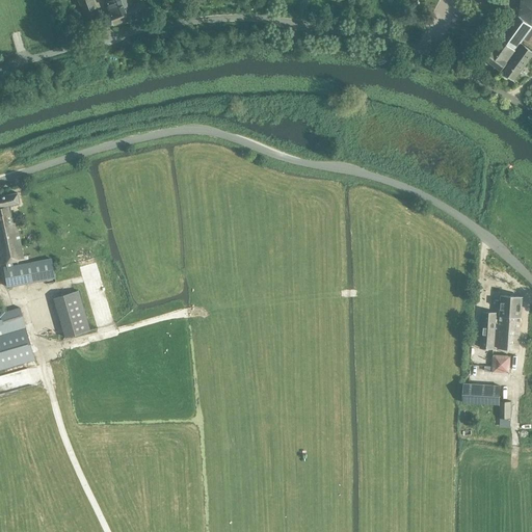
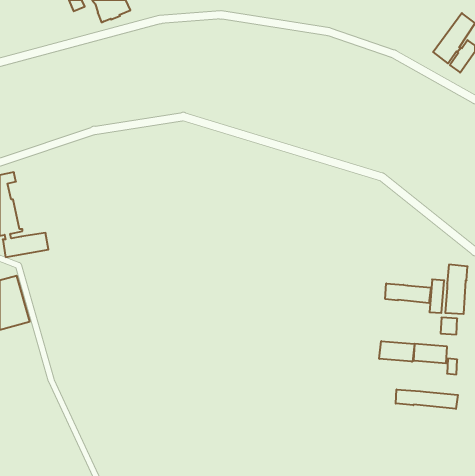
building: [53,290,88,338] -> none
building: none -> [385,283,431,303]
building: none -> [379,341,414,362]
building: none -> [396,389,458,409]

